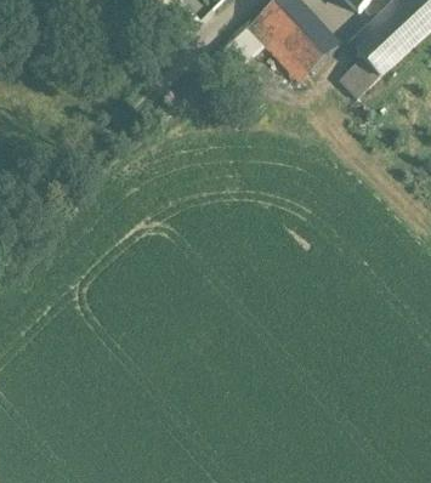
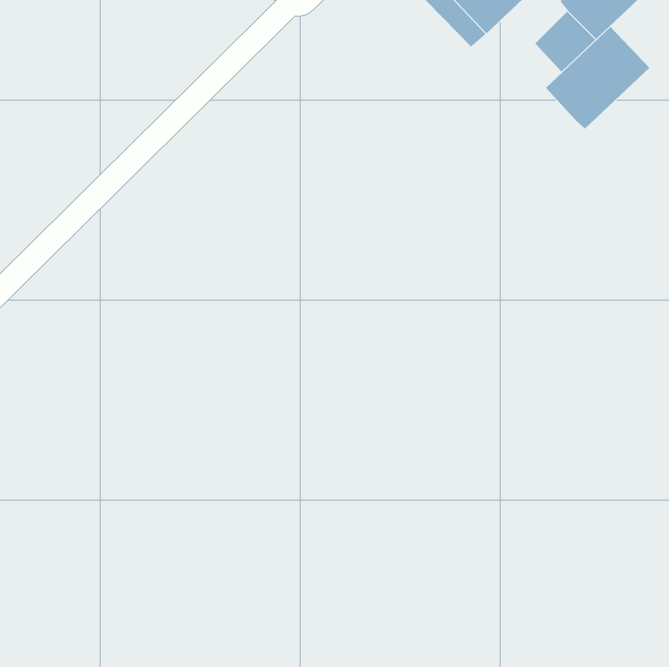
building: none -> [545,26,650,129]

